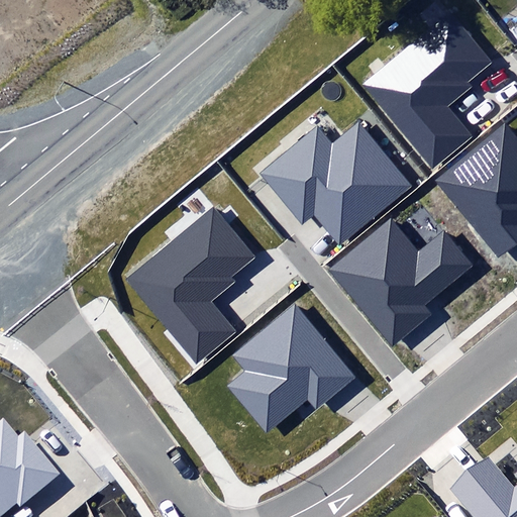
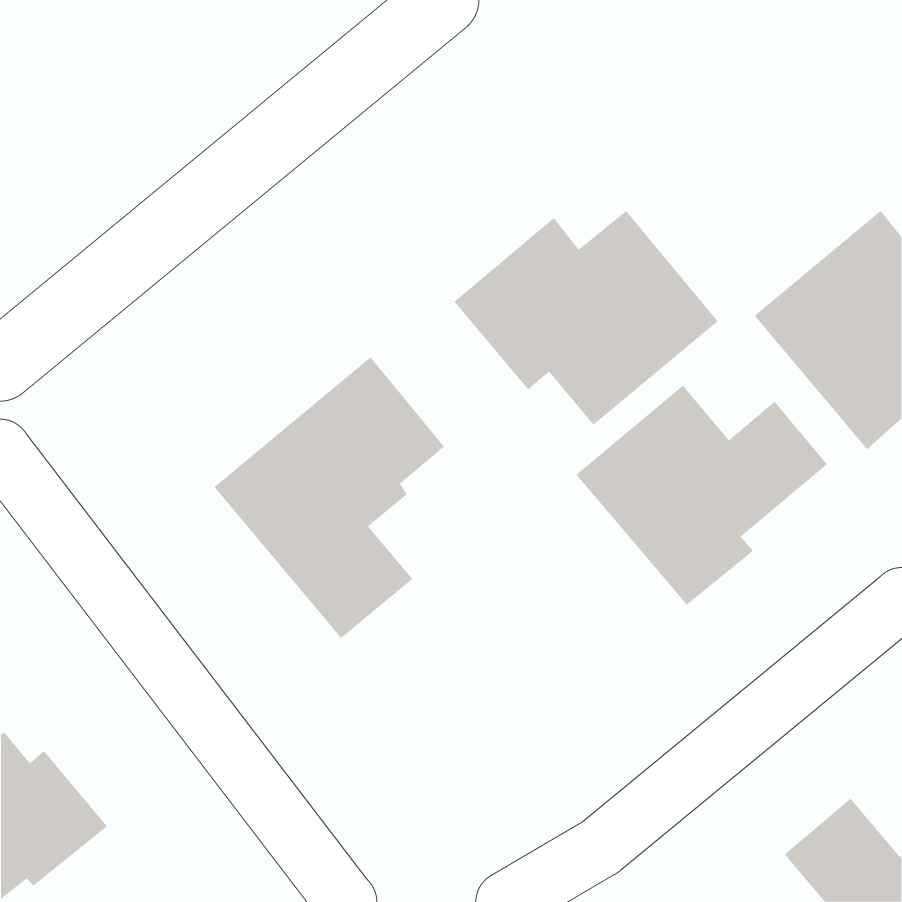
building: [361,12,491,171] -> none
building: [230,304,357,432] -> none

